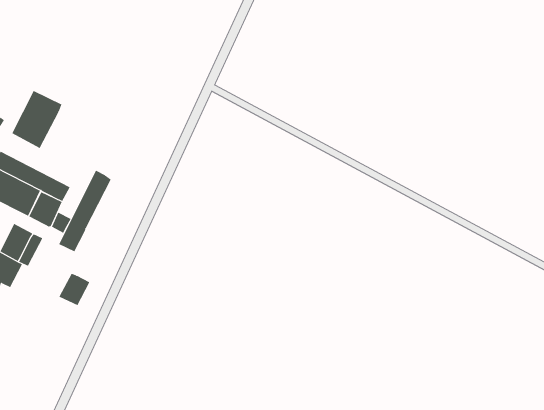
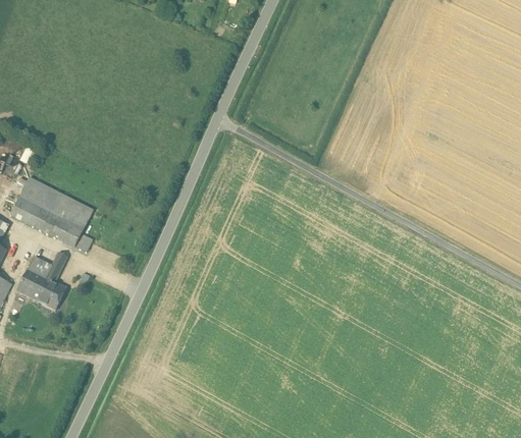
building: [11,90,62,149] -> none
building: [59,170,112,252] -> none
building: [59,273,90,306] -> [38,279,66,309]

